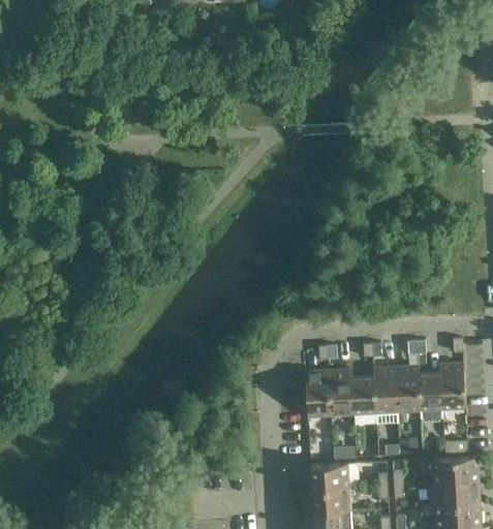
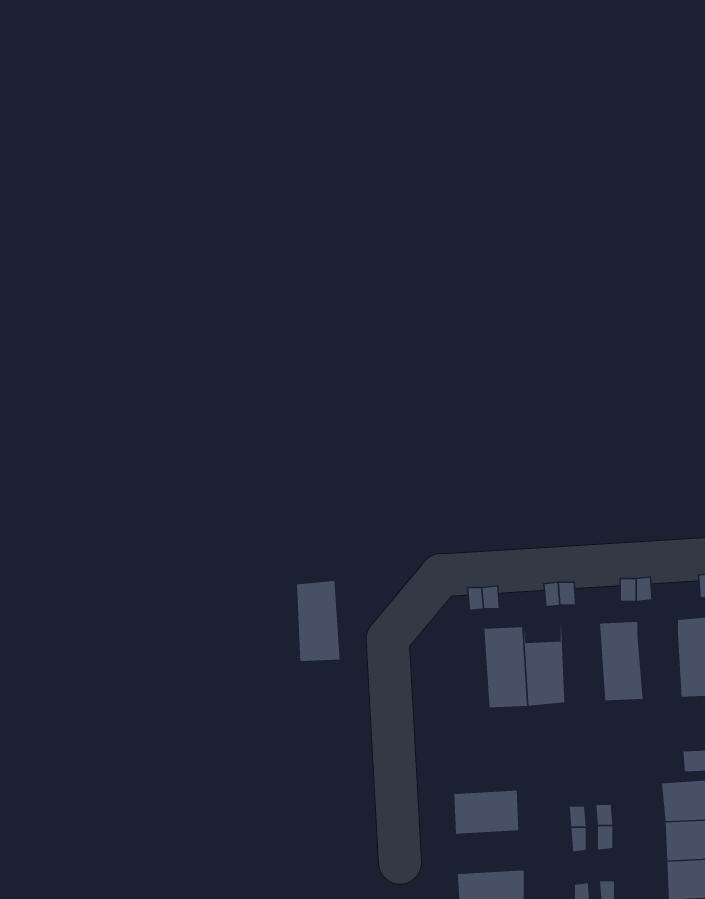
building: [373,366,398,424] -> none
building: [305,369,331,416] -> [296,580,340,662]
building: [418,372,442,410] -> none
building: [311,487,349,511] -> none

